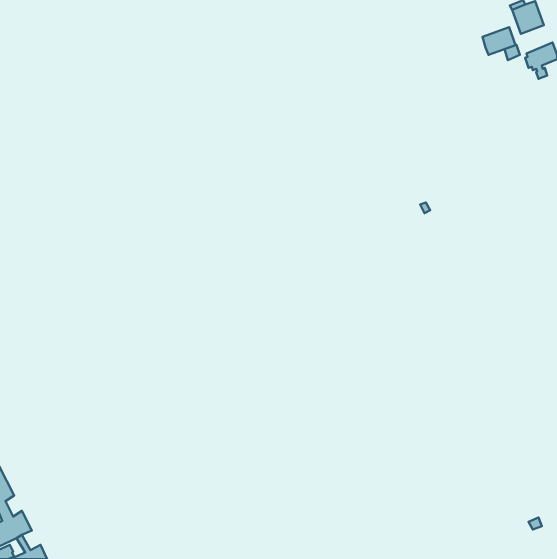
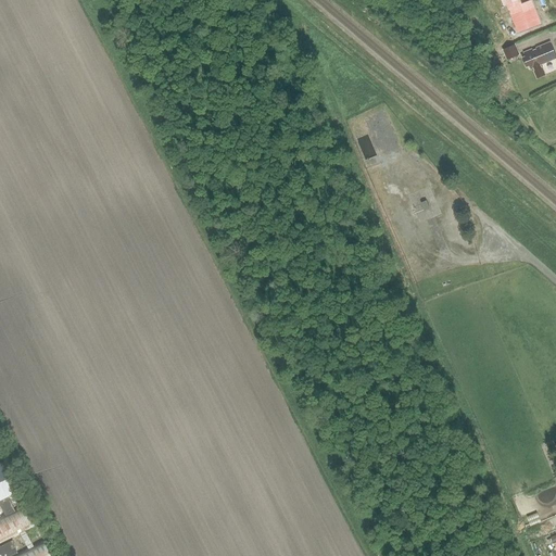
building: [482,27,515,55] -> none

